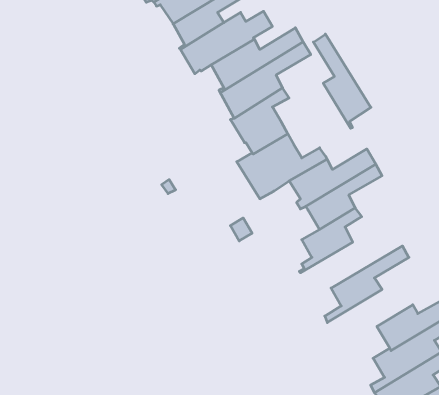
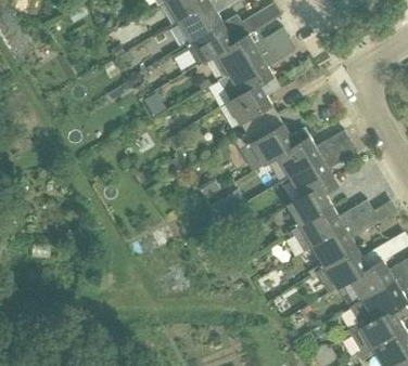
building: [313,34,371,128] -> none
building: none -> [288,198,374,251]
building: none -> [310,248,383,295]

